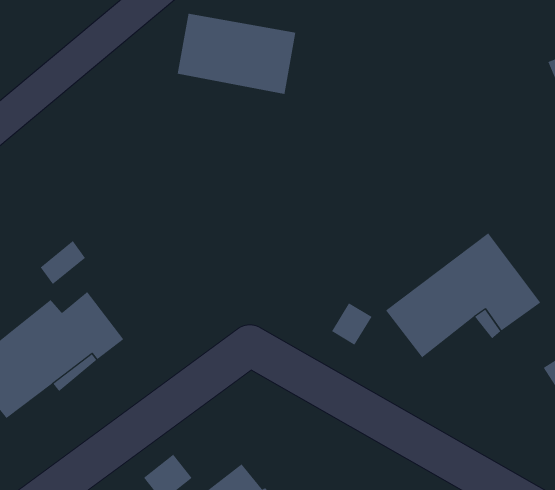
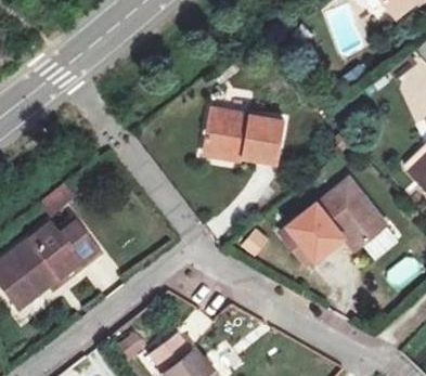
building: [177,13,296,95] -> [202,106,283,161]

